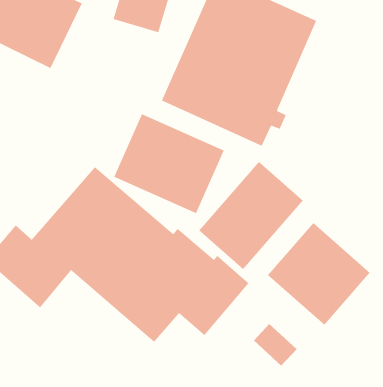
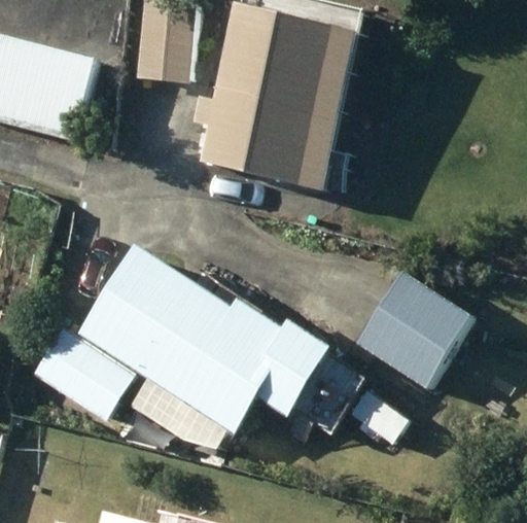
building: [113,113,225,214] -> none
building: [198,161,304,270] -> none

